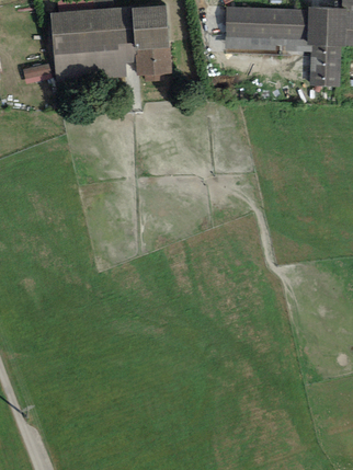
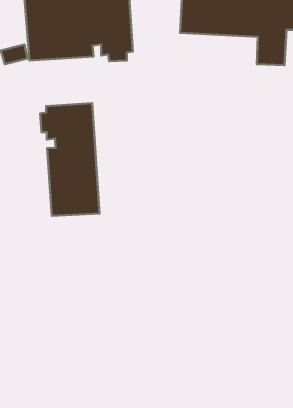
building: none -> [40,103,99,216]

